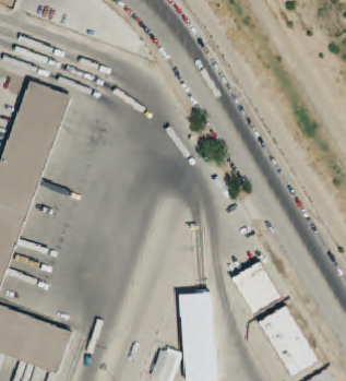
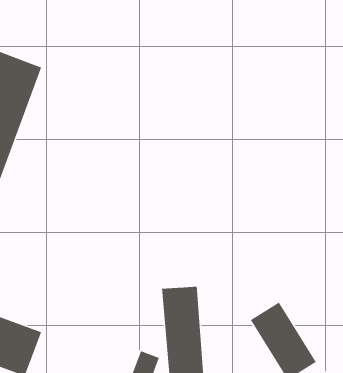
building: [231,260,282,314] -> none

